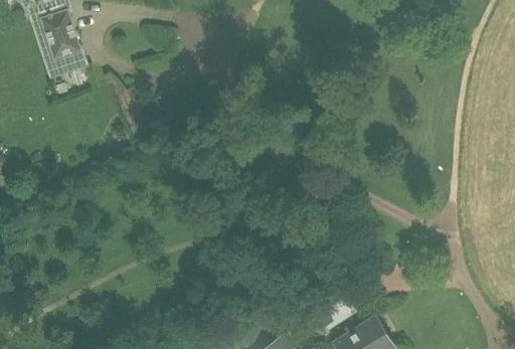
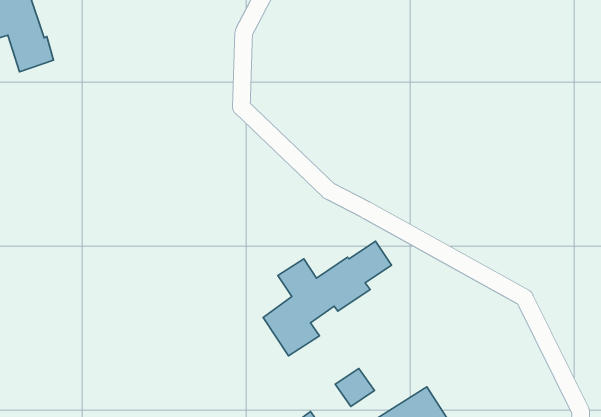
building: none -> [263,241,392,356]

